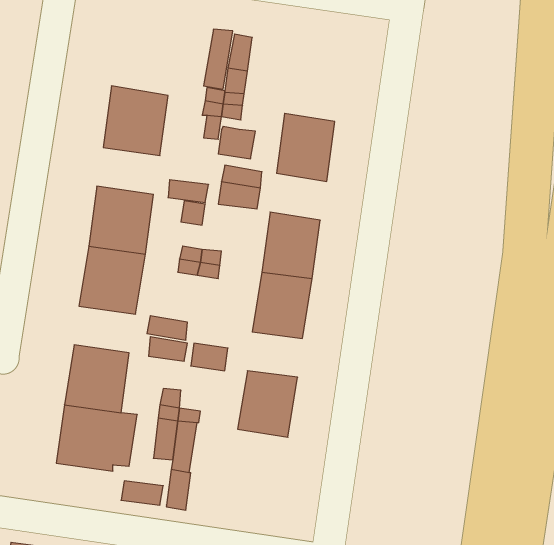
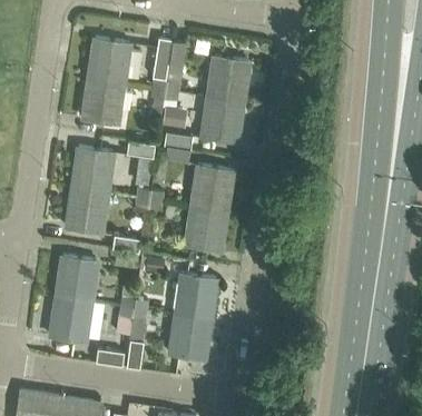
building: none -> [88,38,144,85]
building: none -> [207,57,248,102]
building: none -> [169,314,209,360]

